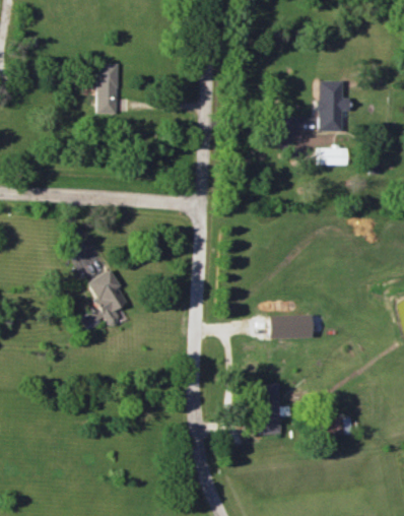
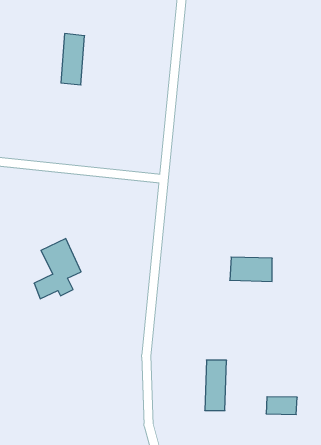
building: [319,80,350,131] -> none
building: [320,147,348,165] -> none
building: [270,314,313,338] -> [230,257,272,281]

